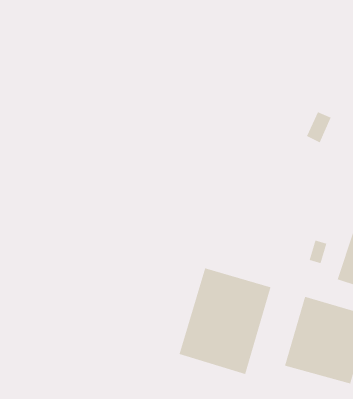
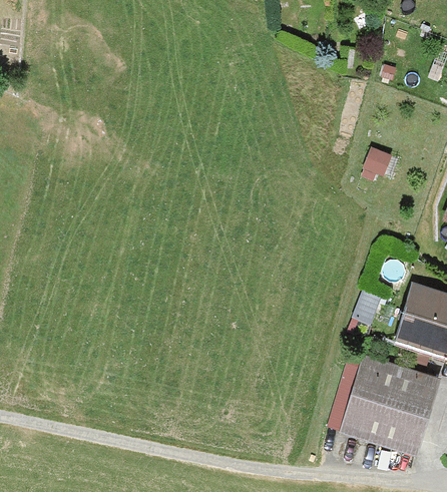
building: [179,268,271,375] -> none

